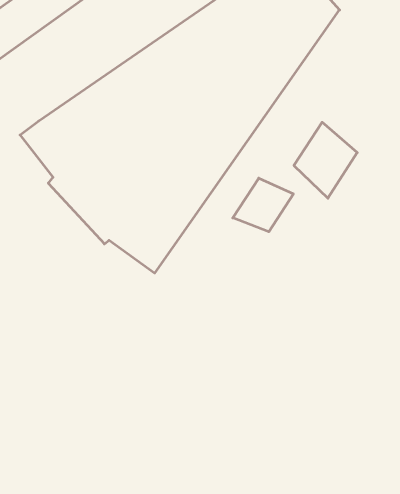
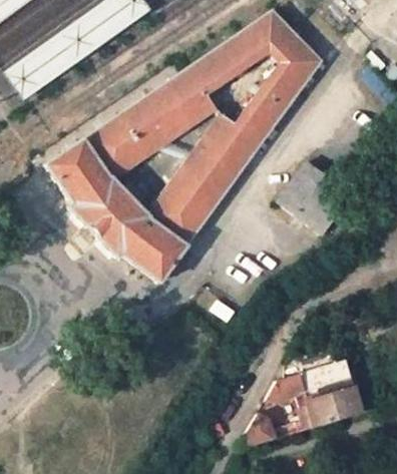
building: [233,178,293,232] -> none
building: none -> [237,352,361,450]

